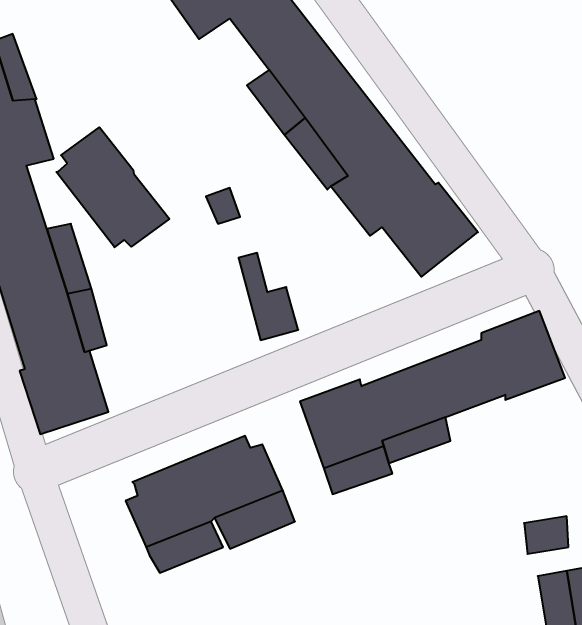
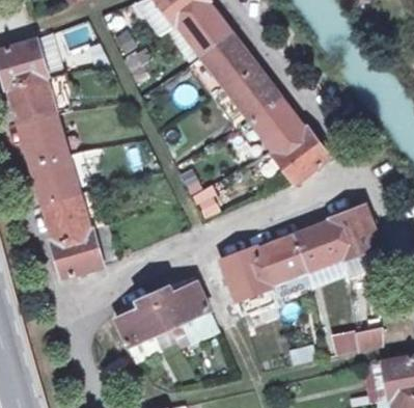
building: [56,127,169,247] -> none

